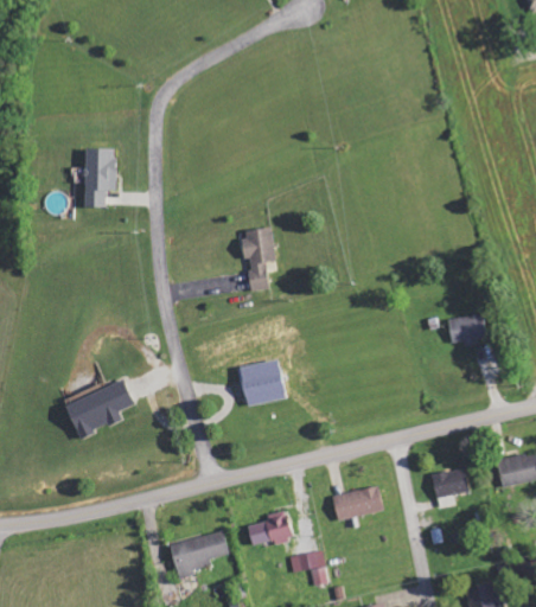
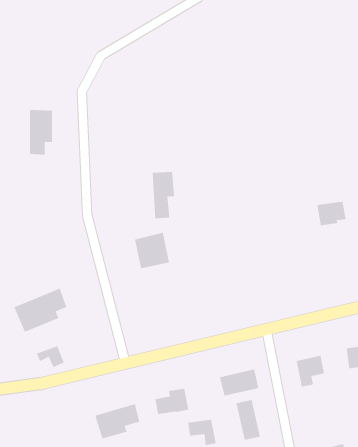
building: [447,313,486,345] -> [317,201,347,226]
building: [240,358,286,405] -> [134,232,170,269]
building: none -> [36,345,65,368]
building: none -> [236,399,260,441]

